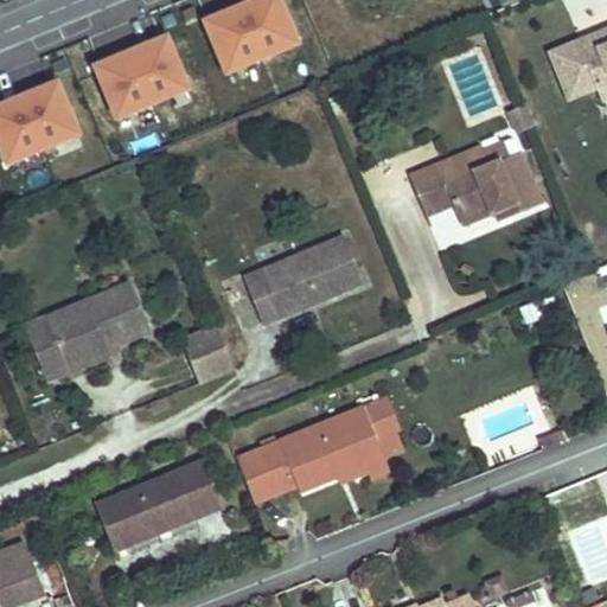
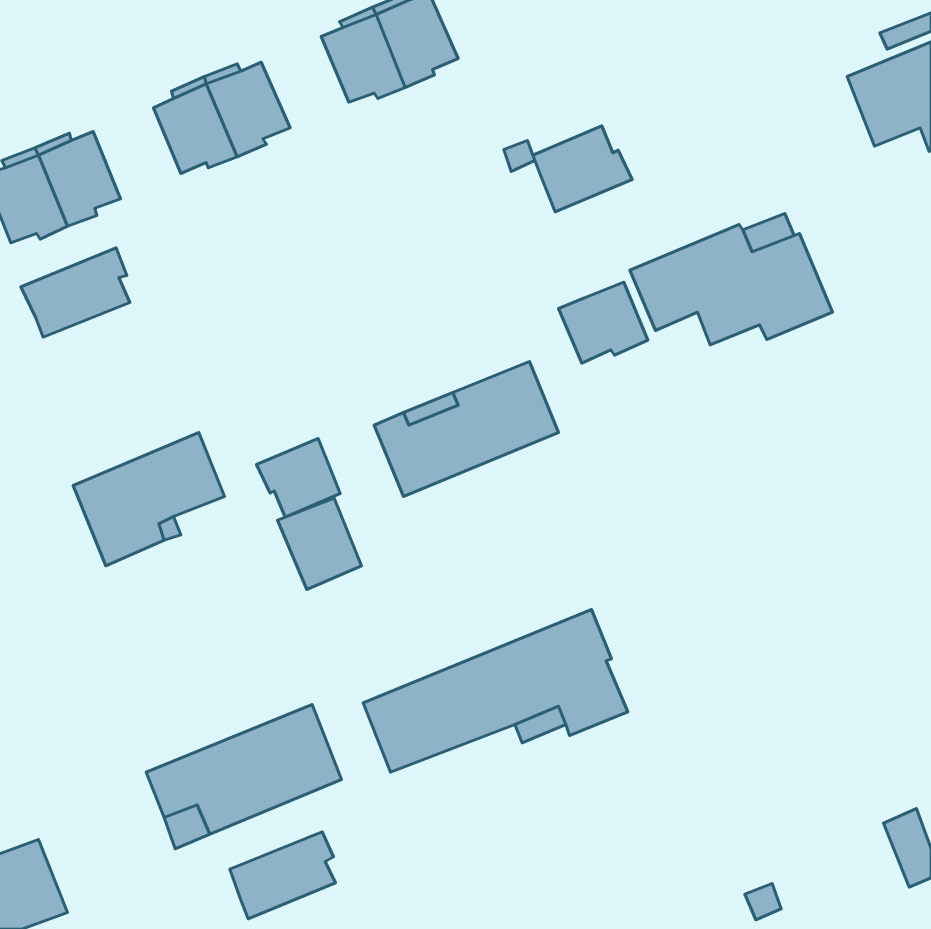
building: none -> [533,126,632,212]
building: none -> [21,248,130,337]
building: none -> [559,282,648,363]
building: none -> [257,438,340,517]
building: [24,315,69,377] -> none
building: none -> [230,832,336,919]

